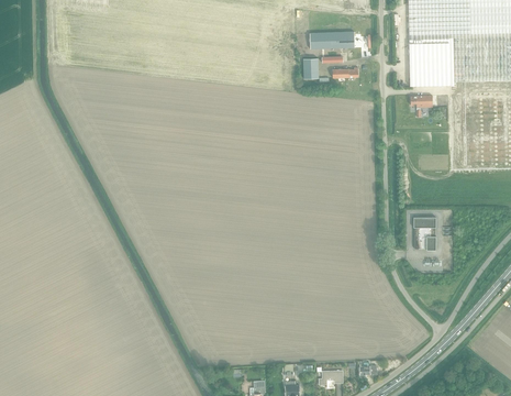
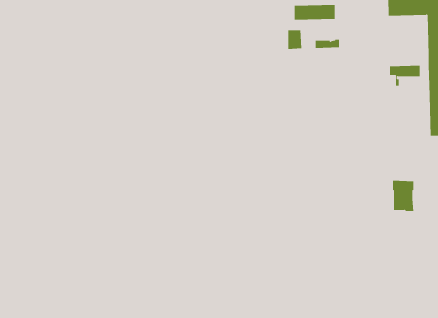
building: [409,43,451,86] -> none

